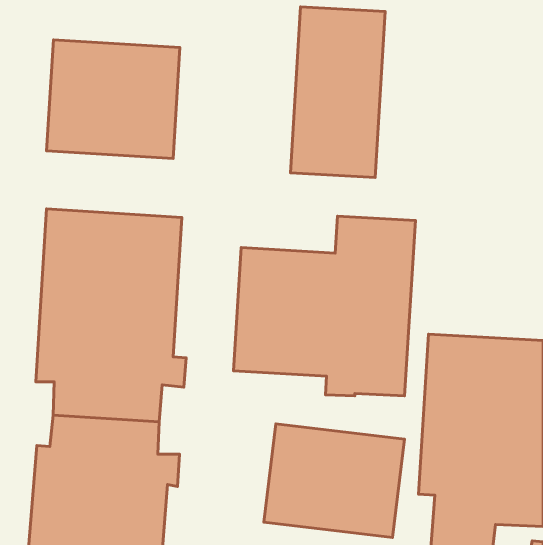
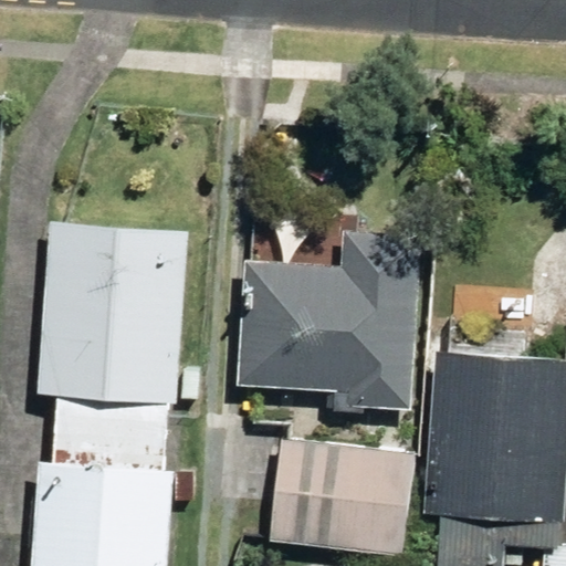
building: [290,7,385,178] -> none
building: [47,40,180,158] -> none

